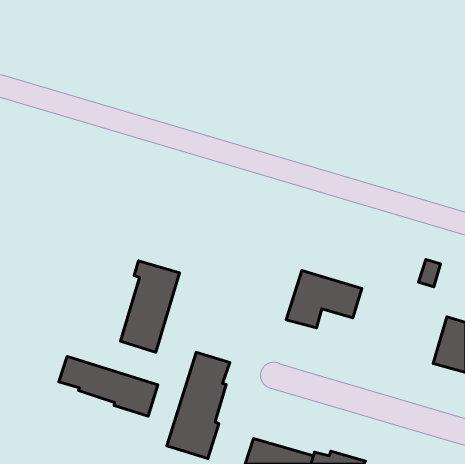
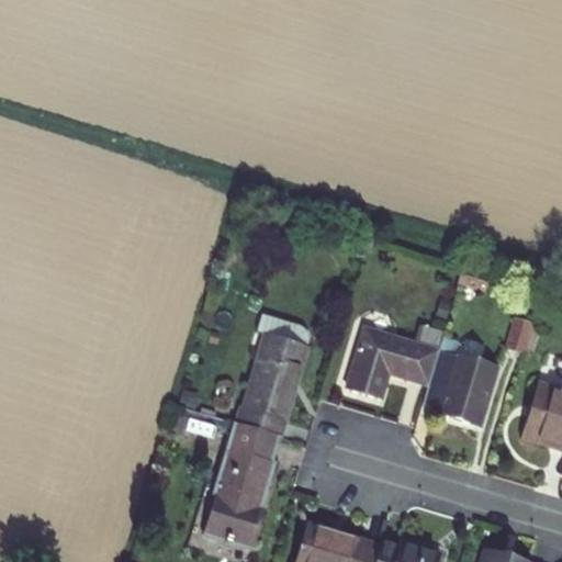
building: [120,261,180,352] -> [238,327,310,437]
building: none -> [420,347,496,423]
building: [59,357,158,416] -> none

